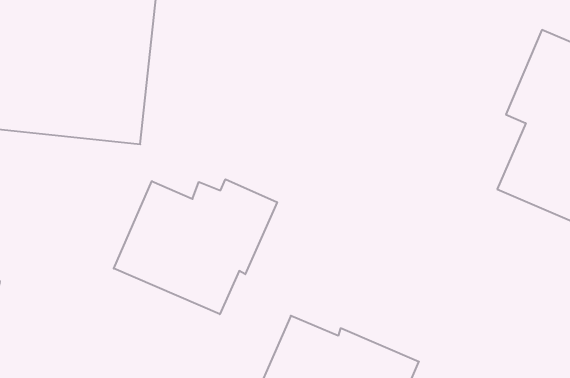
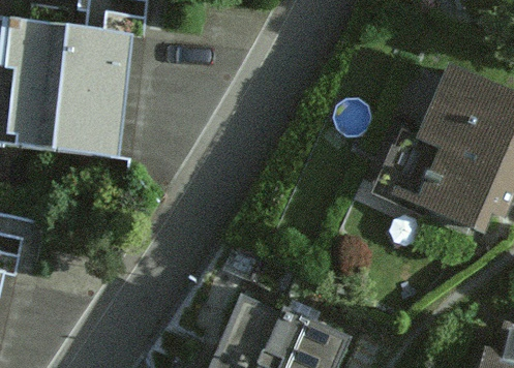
building: [114,179,277,314] -> none

